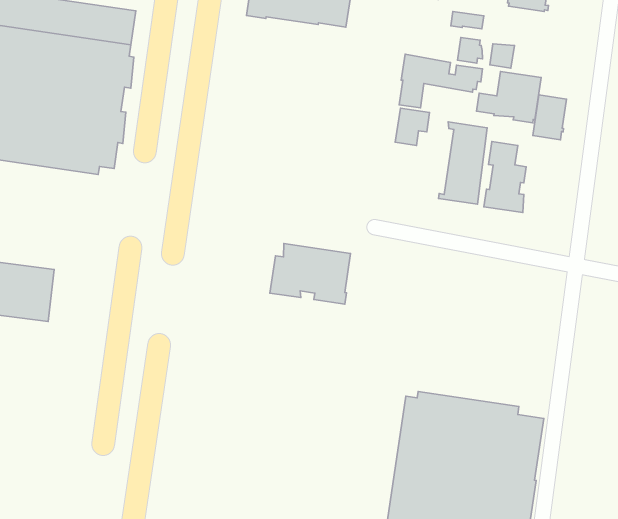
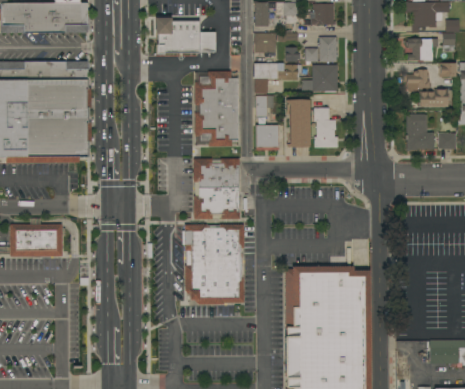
building: none -> [255,34,277,53]
building: none -> [195,72,239,147]
building: [533,95,566,140] -> [320,37,338,62]
building: none -> [256,125,279,150]
building: none -> [194,159,240,188]
building: none -> [185,224,244,305]

